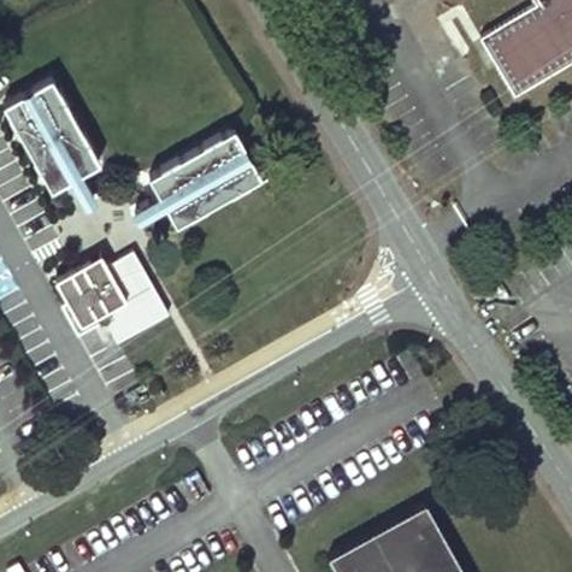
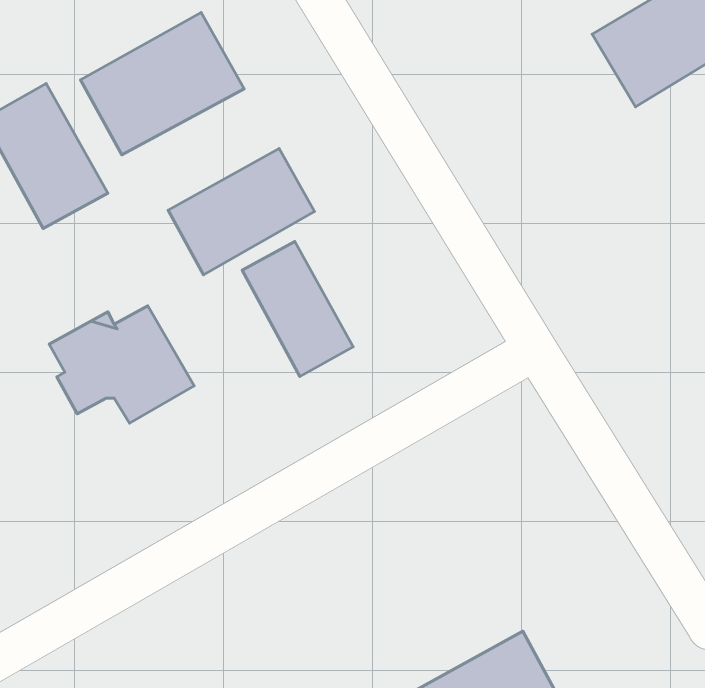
building: none -> [80,13,244,155]
building: none -> [242,242,353,377]

